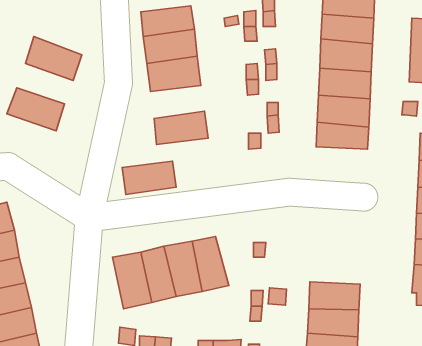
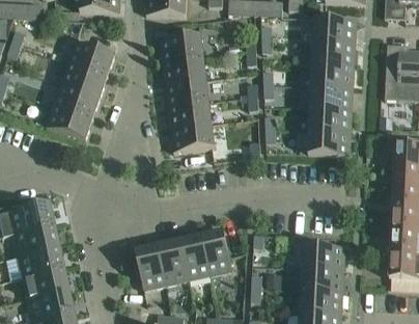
building: none -> [67,40,115,76]
building: none -> [53,83,101,117]
building: [122,161,176,194] -> [166,102,212,130]
building: none -> [301,245,344,270]

